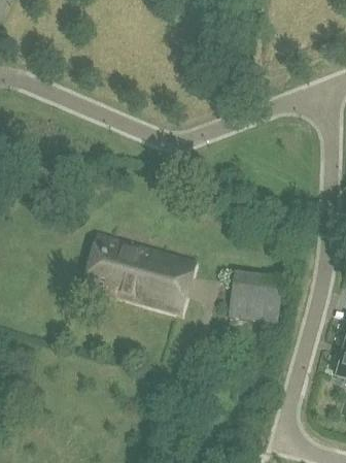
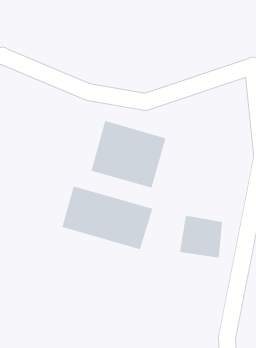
building: none -> [91,120,166,188]

